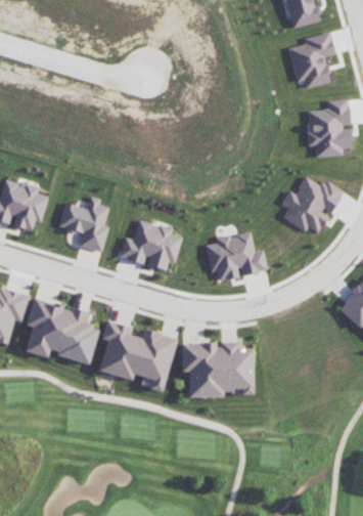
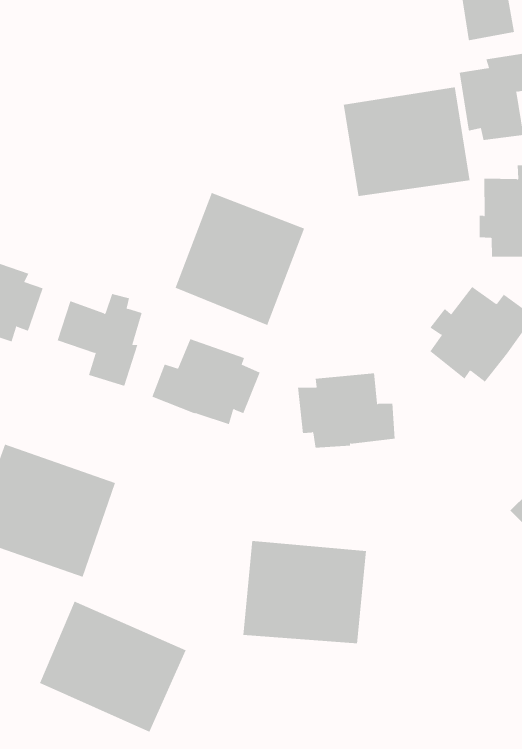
building: none -> [343,87,470,197]
building: none -> [175,192,305,326]
building: [93,313,180,389] -> [39,601,187,732]

